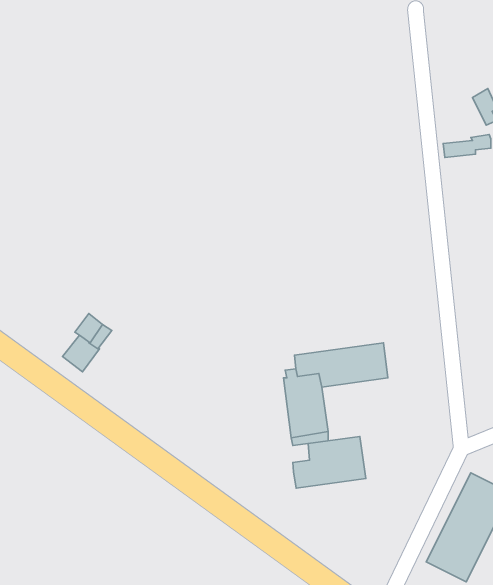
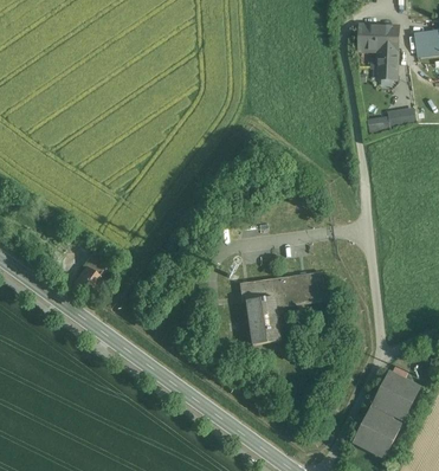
building: none -> [359,24,398,76]
building: [293,437,366,488] -> none

